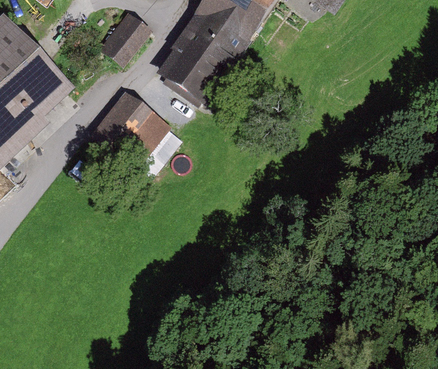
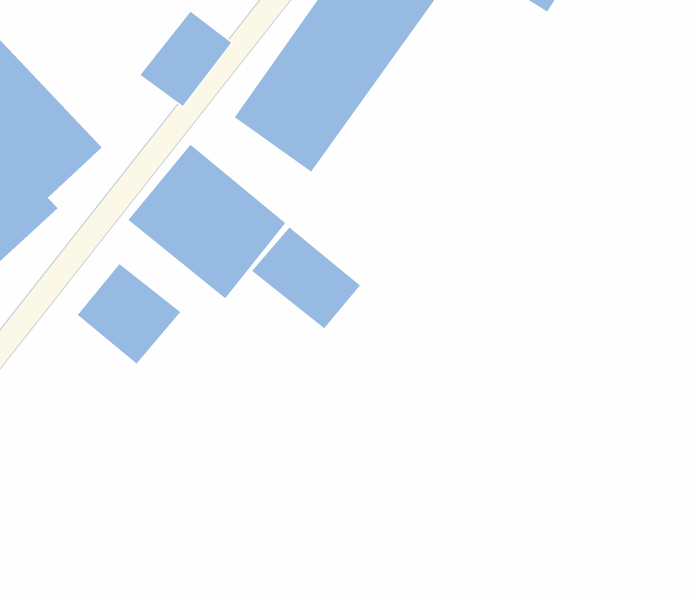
building: none -> [251,227,361,329]
building: none -> [77,263,181,364]

